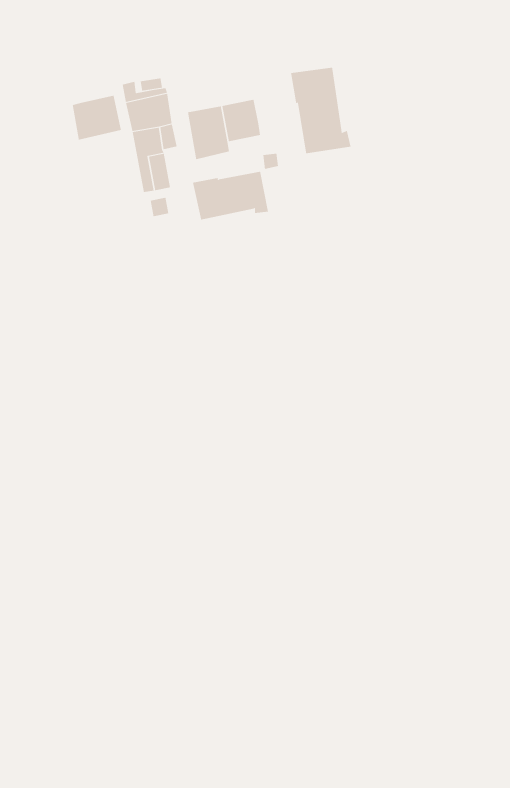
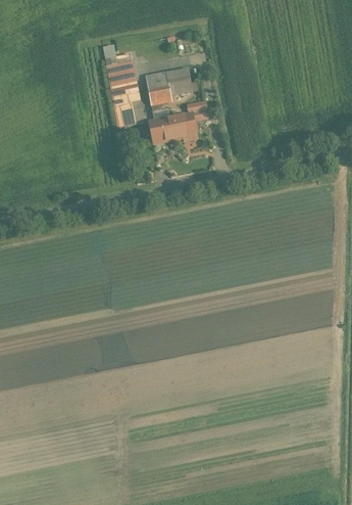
building: [290,67,351,154] -> none
building: [72,95,121,140] -> none

